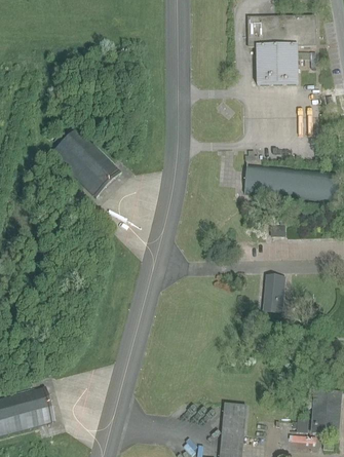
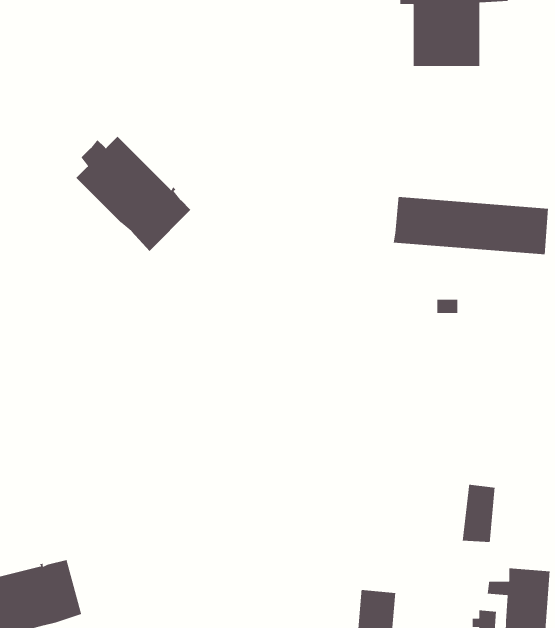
building: [264,275,284,311] -> [462,484,495,543]

